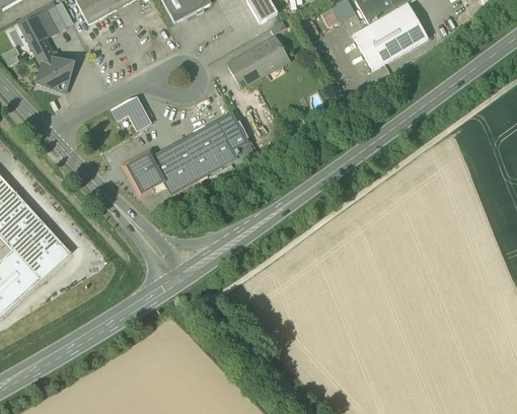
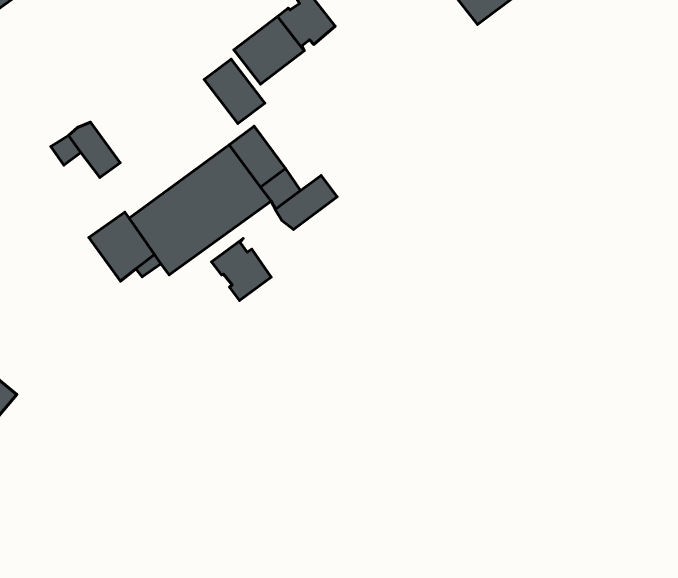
building: none -> [204,59,265,123]
building: none -> [275,176,337,230]
building: none -> [212,239,271,300]

